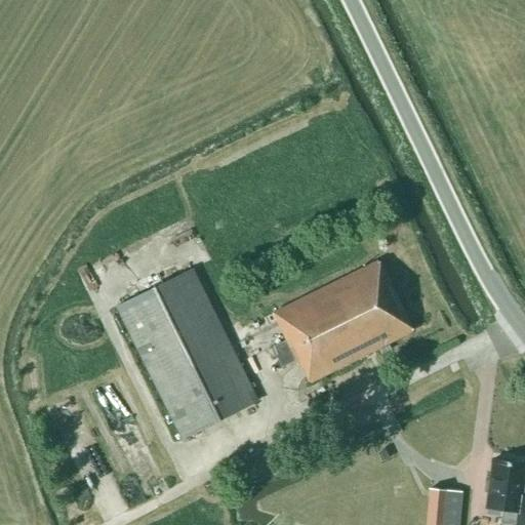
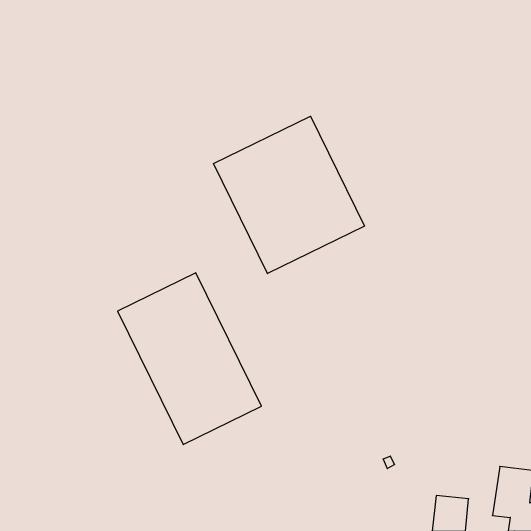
building: none -> [214,116,364,274]
building: [273,261,413,381] -> none

